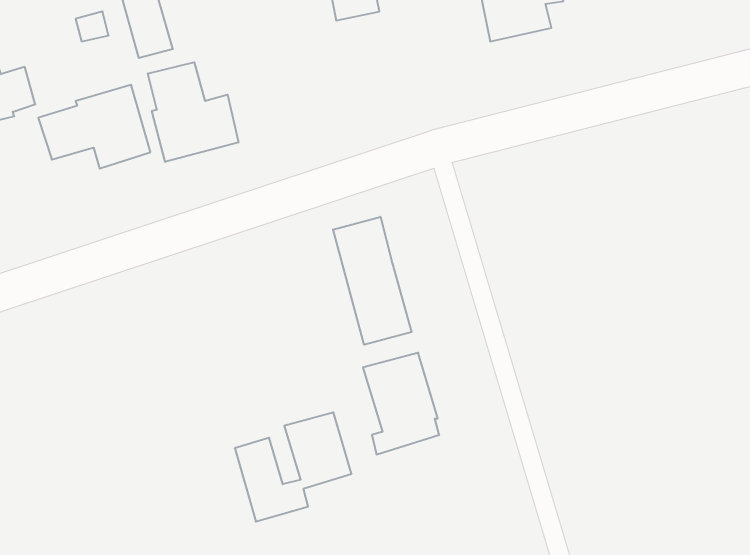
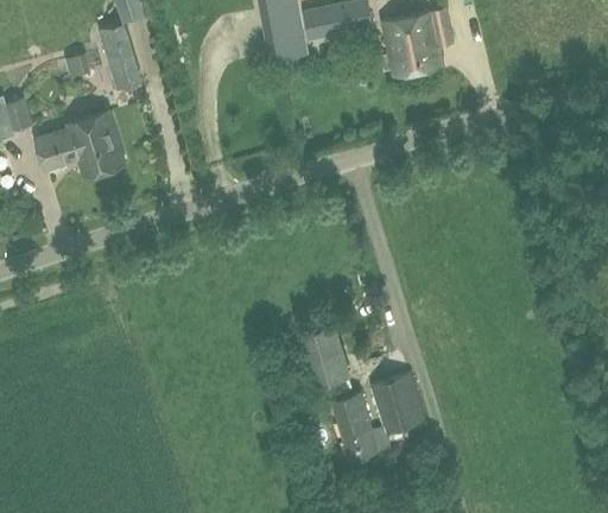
building: [148,62,239,162] -> none
building: [333,217,412,345] -> none
building: [235,412,352,522] -> [334,374,426,461]

